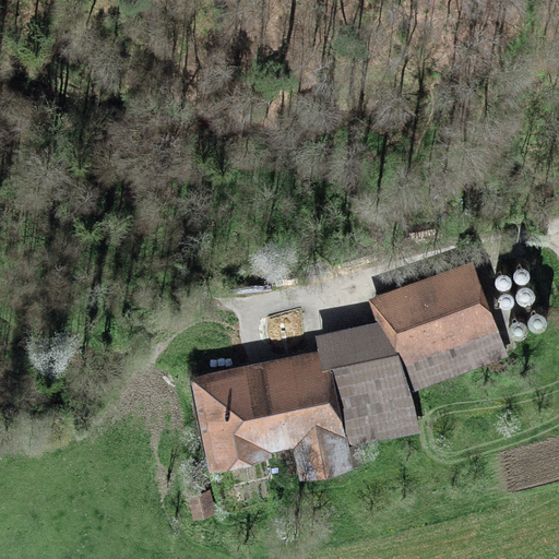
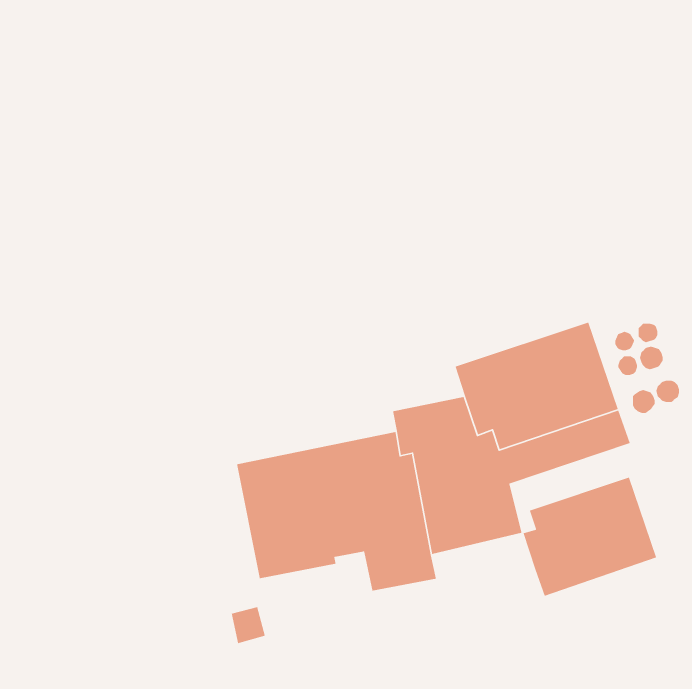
building: none -> [522,476,657,597]

